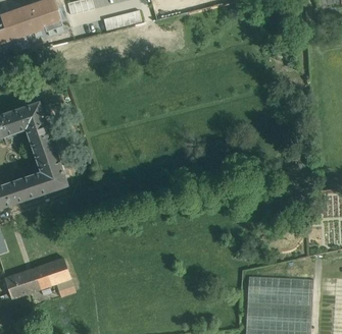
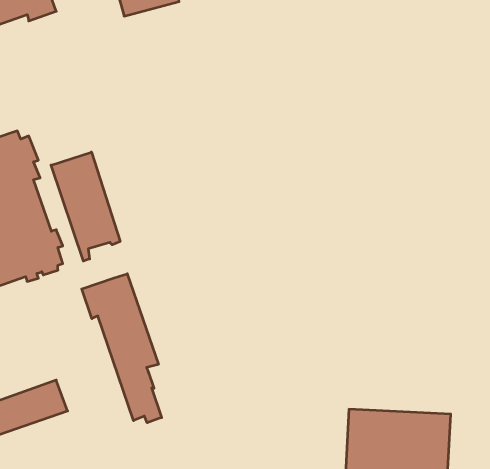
building: none -> [51,152,120,261]
building: none -> [82,274,162,423]

